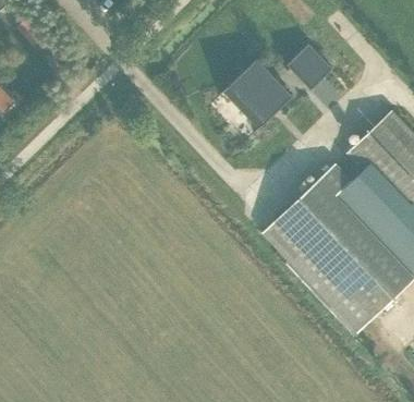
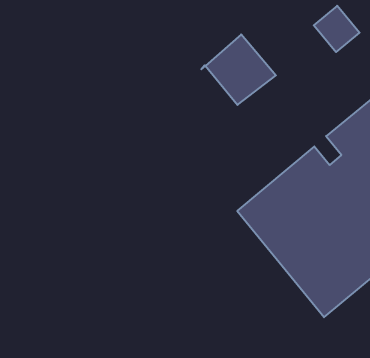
building: [285,44,331,89] -> [314,6,360,52]

